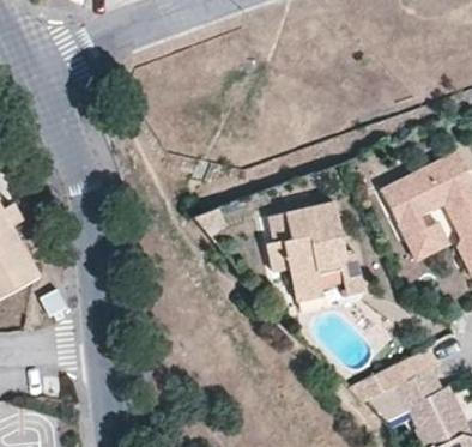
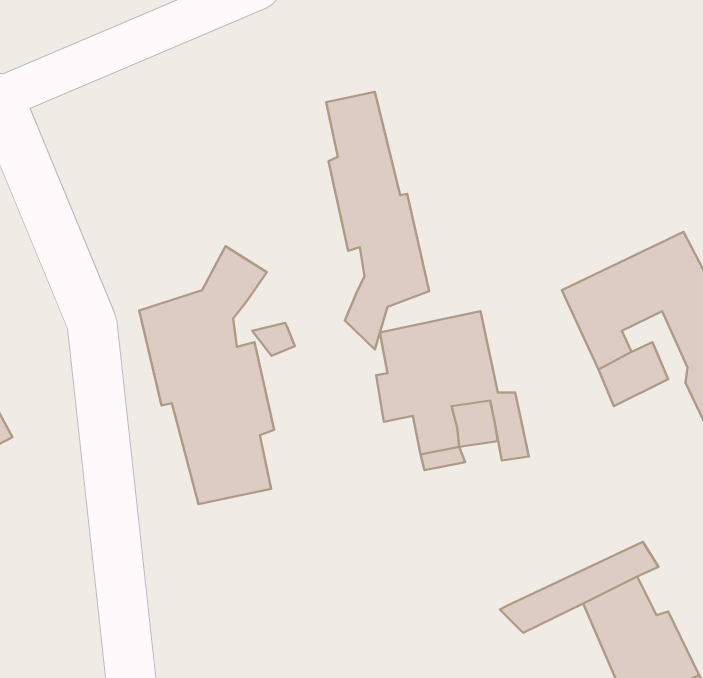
building: none -> [326,92,429,349]
building: none -> [139,246,274,504]

